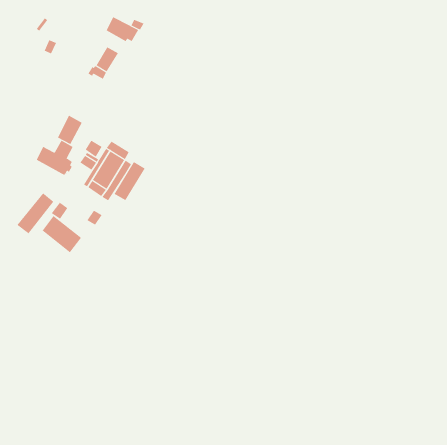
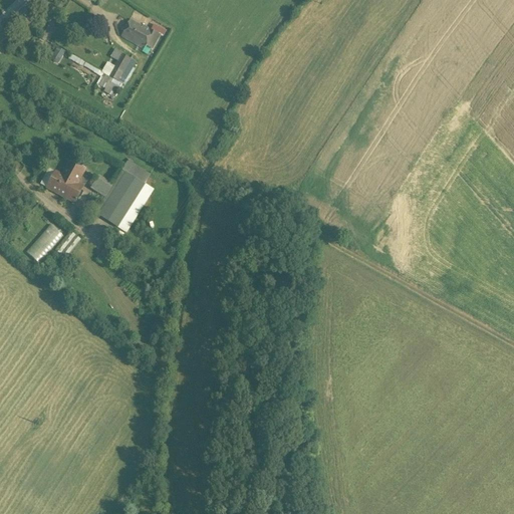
building: [57,115,83,145] -> none
building: [114,161,146,201] -> none
building: [42,215,82,253] -> none

